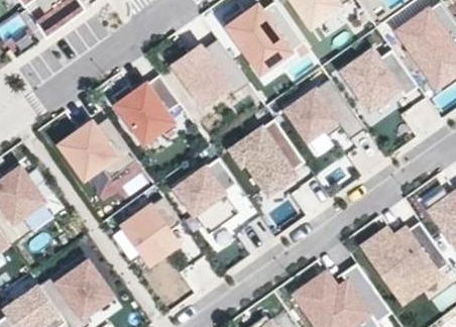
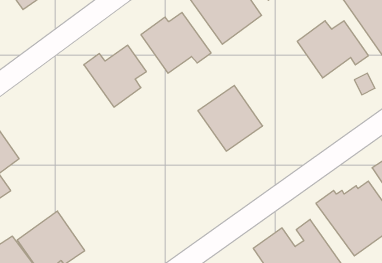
building: [286,80,364,140] -> none
building: [60,118,136,180] -> none
building: [175,158,237,235] -> none
building: [123,198,180,262] -> none

